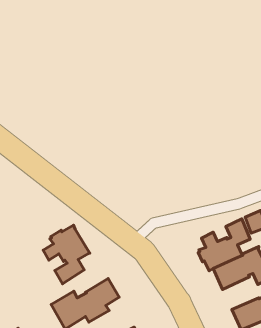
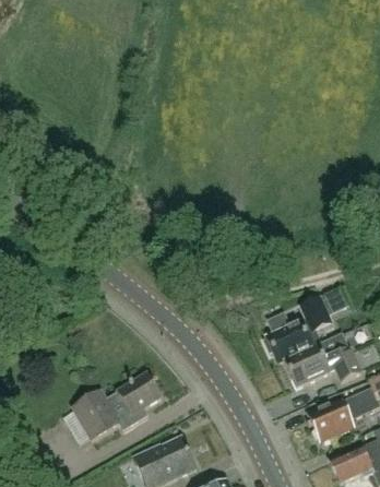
building: [43,225,90,284] -> none

